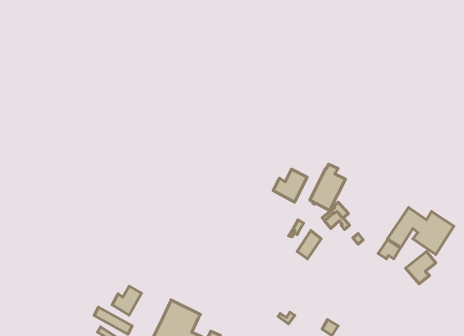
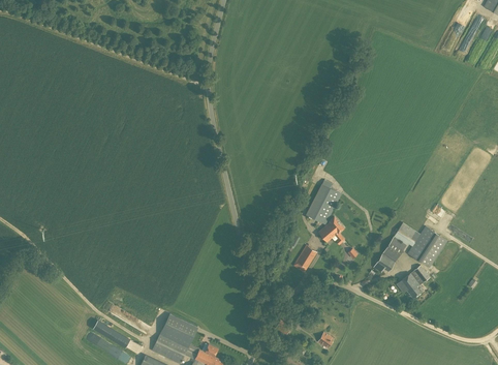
building: [273,169,307,202] -> none
building: [112,286,141,315] -> none

